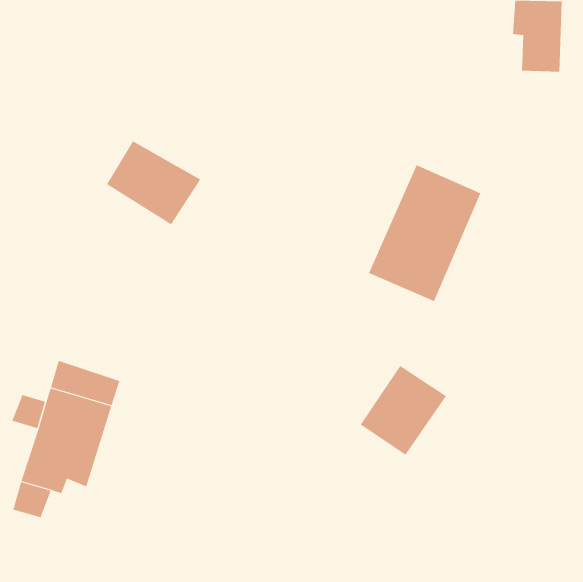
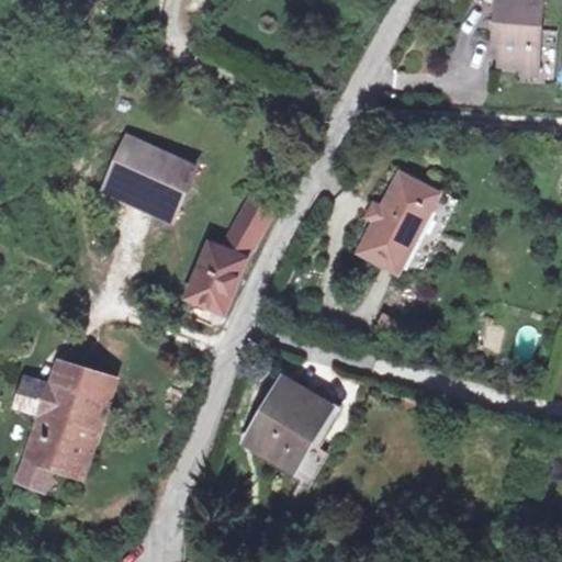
building: none -> [186,201,277,315]
building: [360,365,447,455] -> [250,379,334,465]

